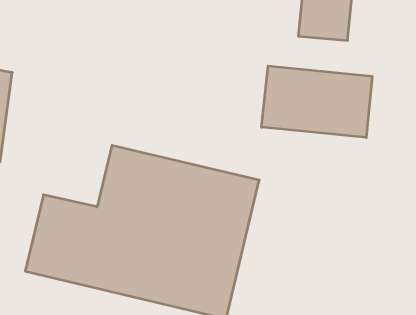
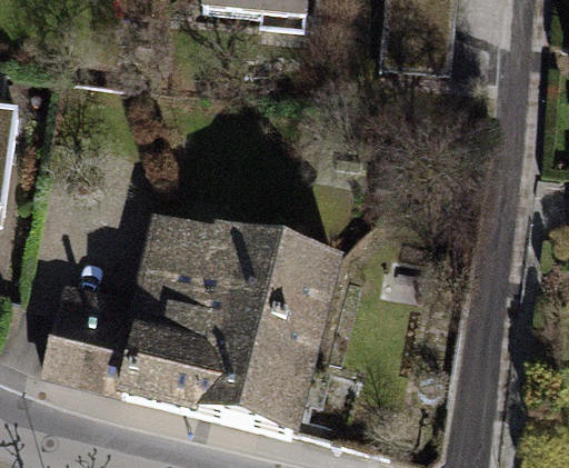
building: [262,66,372,138] -> none

